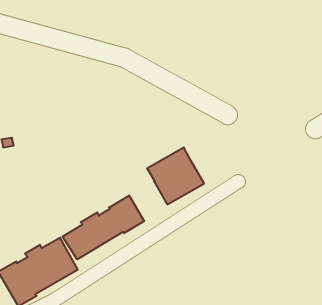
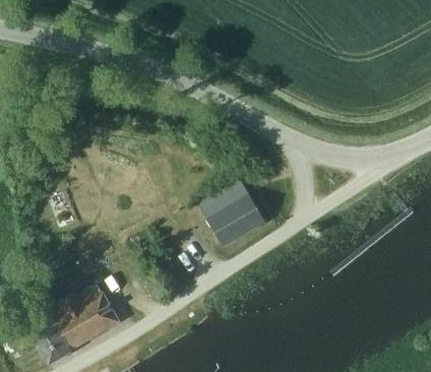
building: [63,195,144,259] -> none

